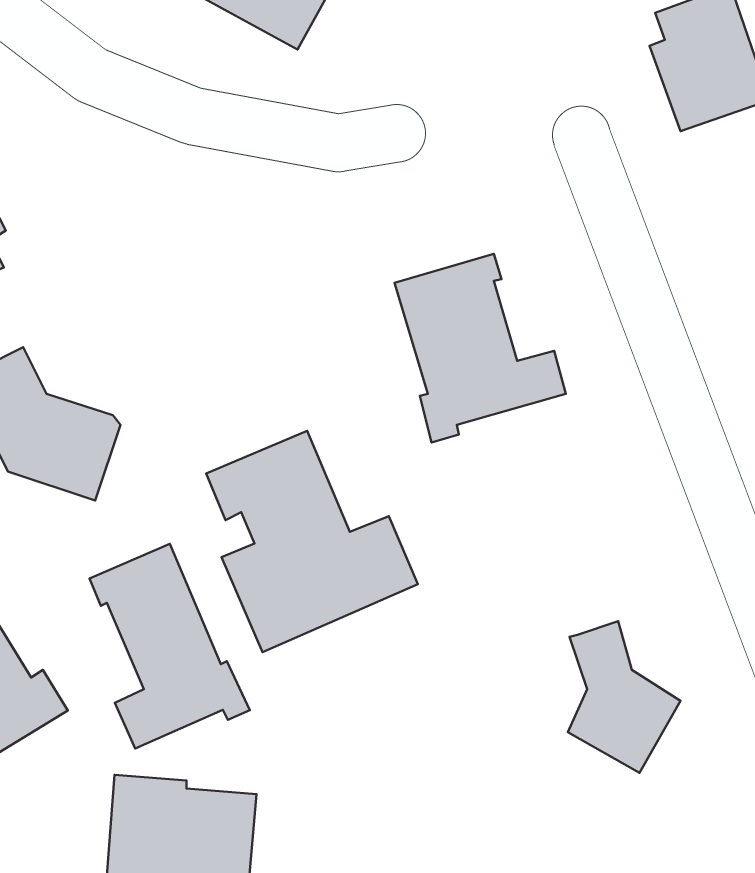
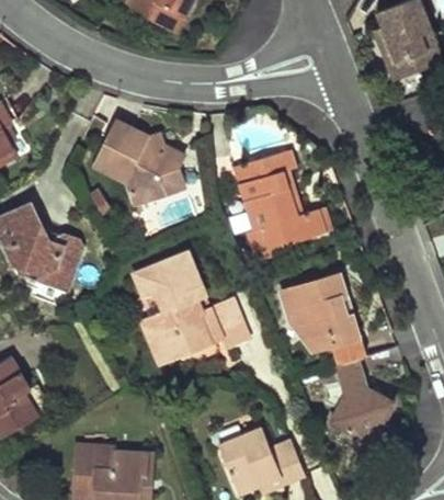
building: none -> [91,118,183,201]
building: none -> [278,273,364,364]
building: [89,544,250,749] -> none
building: none -> [213,429,300,493]

